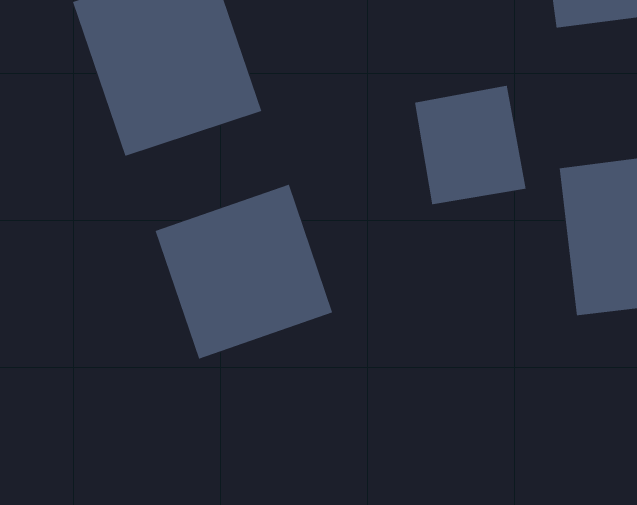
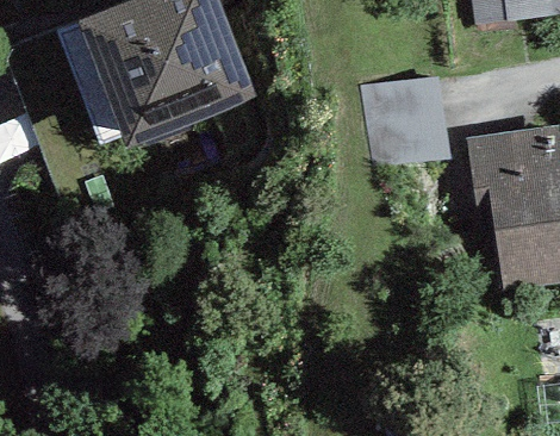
building: [155,184,333,359] -> none

